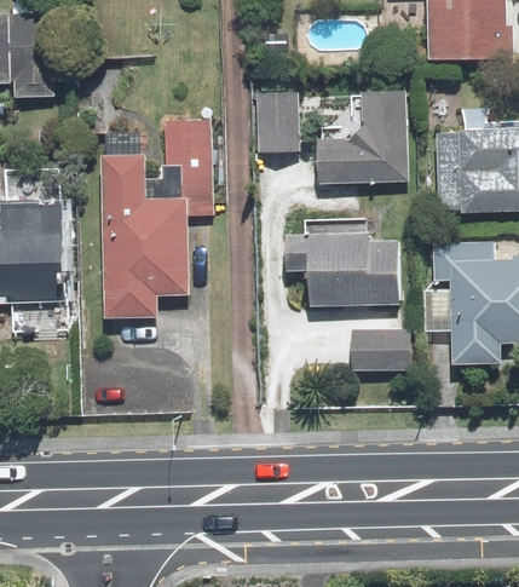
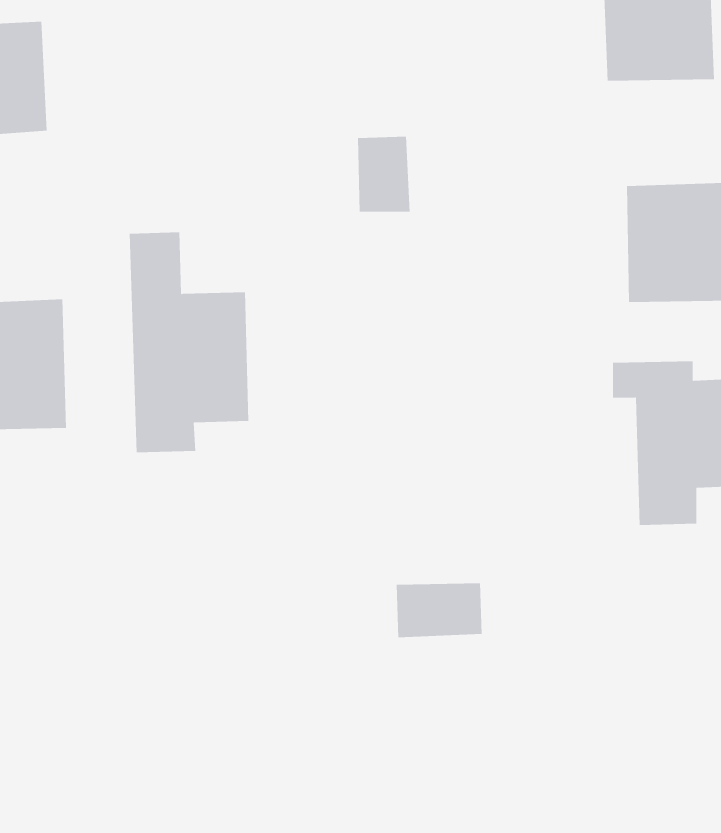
building: [317,97,405,182] -> none
building: [166,117,212,209] -> none
building: [286,241,402,301] -> none
building: [351,330,410,368] -> [396,583,483,638]

